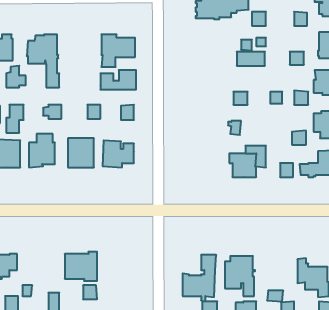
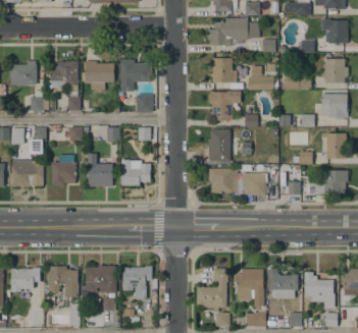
building: none -> [211,58,237,84]
building: none -> [82,61,113,90]
building: none -> [209,92,240,121]
building: none -> [207,129,229,161]
building: none -> [208,169,237,193]
building: none -> [47,266,78,297]
building: none -> [121,267,156,291]
building: none -> [267,269,297,299]

